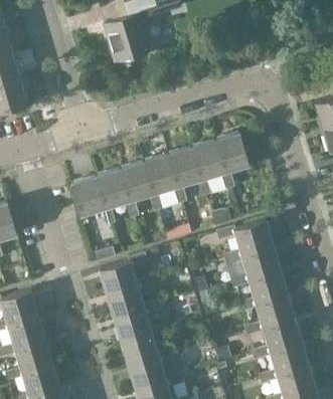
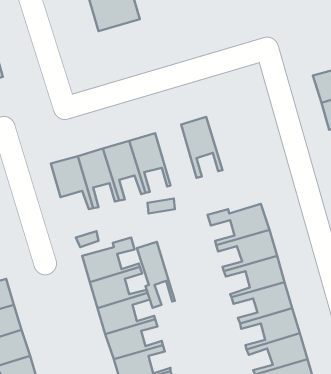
building: [214,133,248,189] -> none
building: [167,147,205,203] -> none
building: none -> [137,242,175,308]

